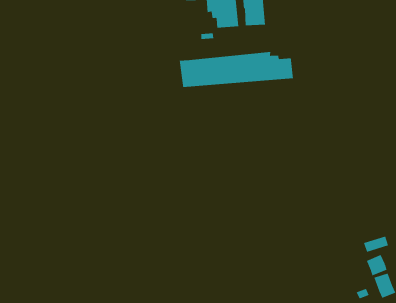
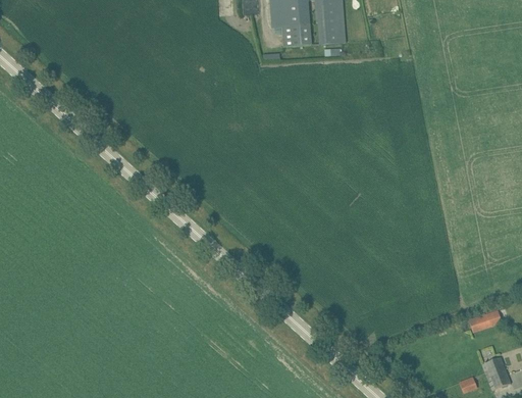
building: [179,51,294,88] -> none
building: [366,254,387,276] -> none

